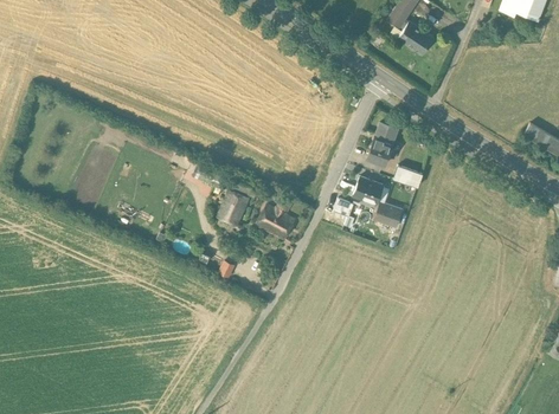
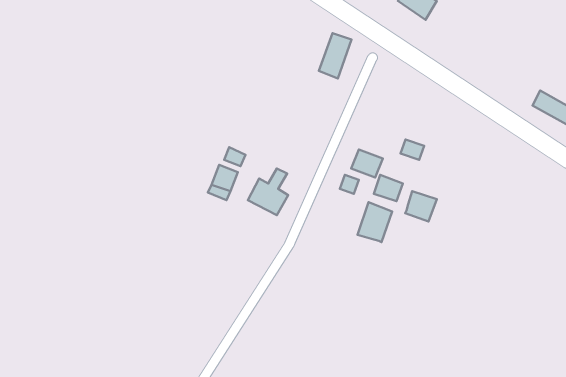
building: [366,123,397,166] -> [319,33,352,78]
building: none -> [405,191,437,221]
building: none -> [358,202,392,242]

